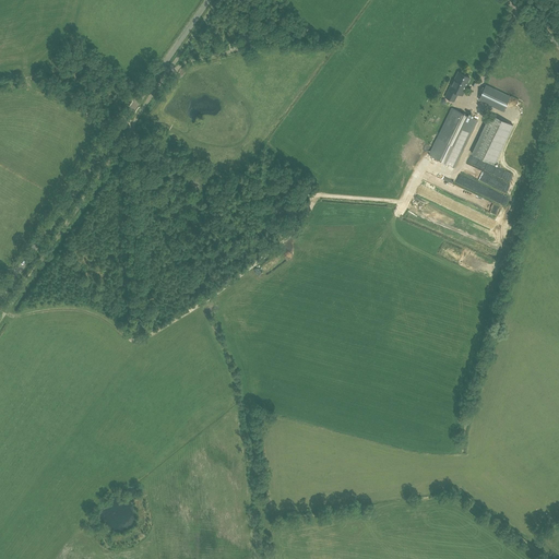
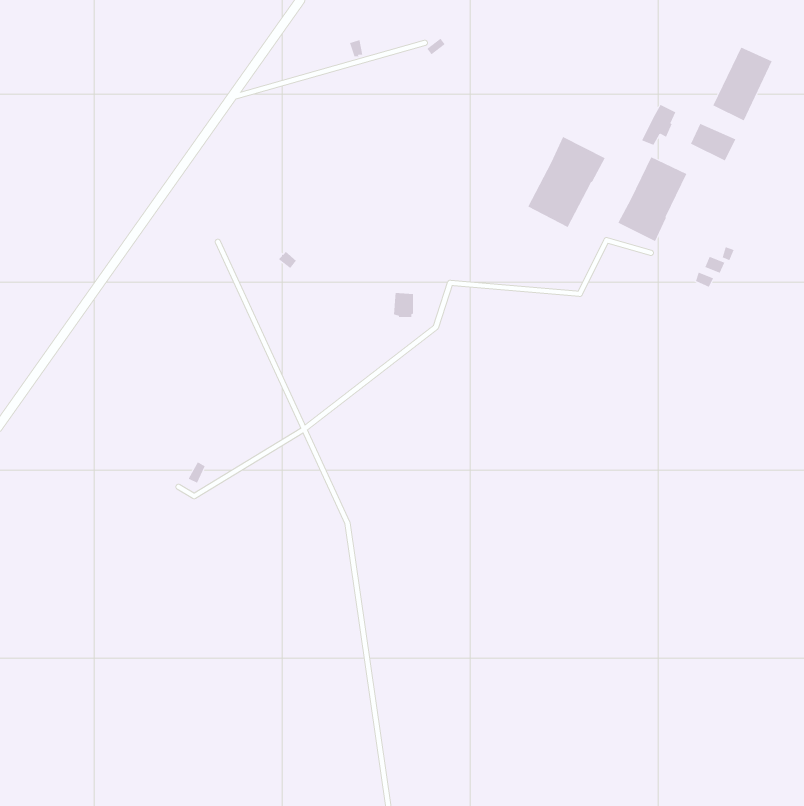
building: none -> [527,136,606,228]
building: [469,116,511,167] -> [713,47,773,121]

